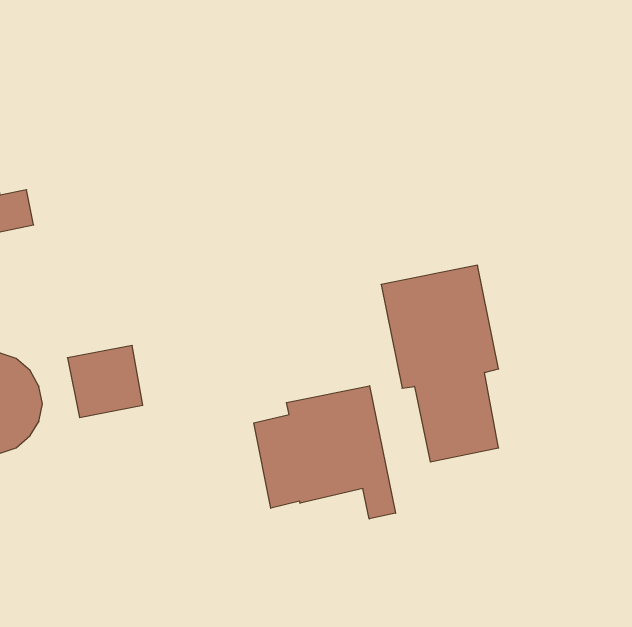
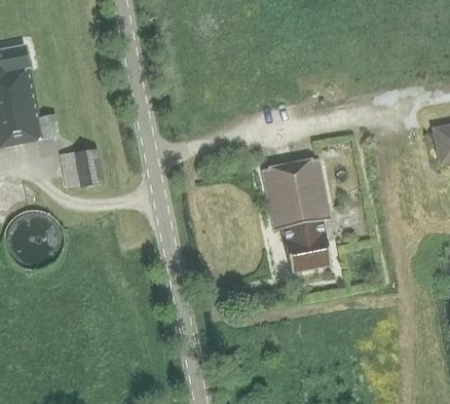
building: [67,346,143,418] -> [60,146,104,188]
building: [254,386,396,519] -> none

